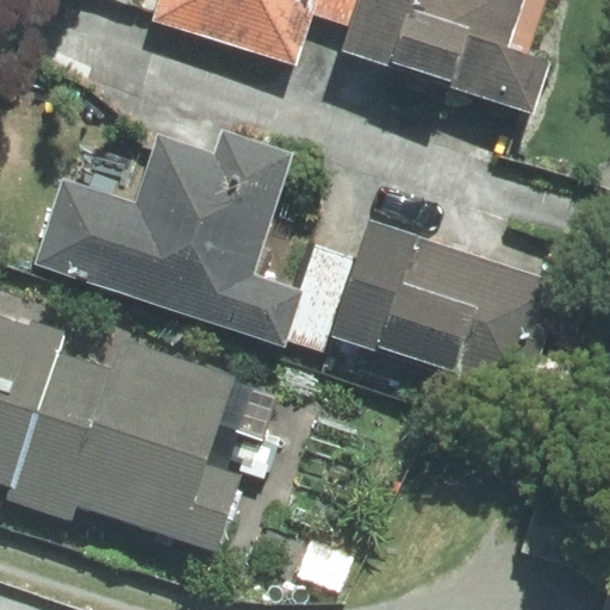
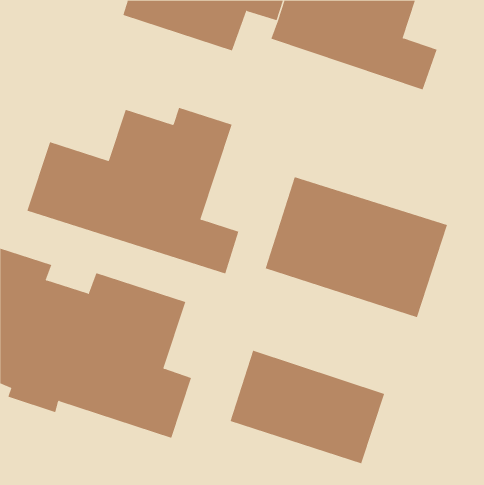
building: none -> [230,350,385,464]

